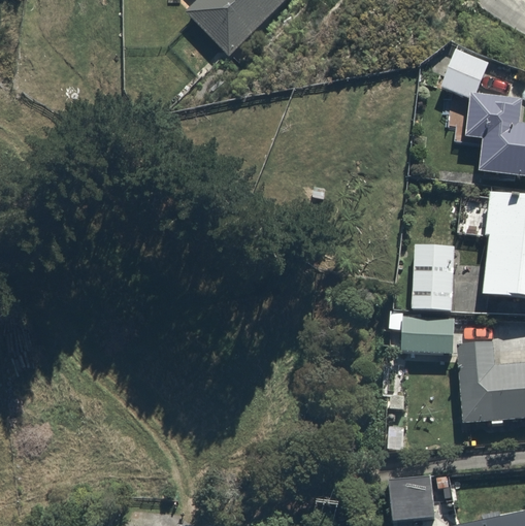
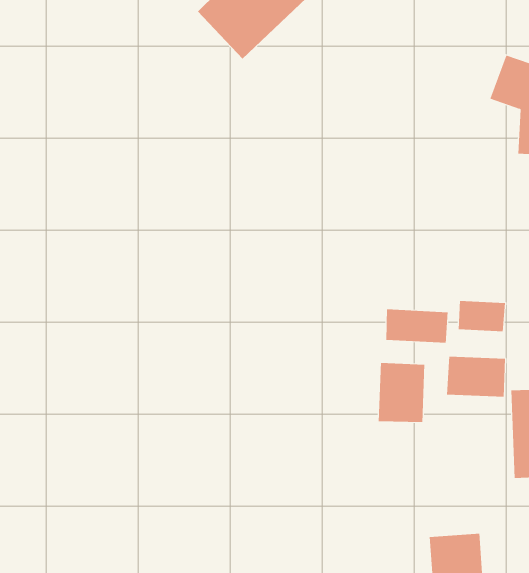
building: none -> [386,309,448,344]
building: none -> [378,362,425,423]

